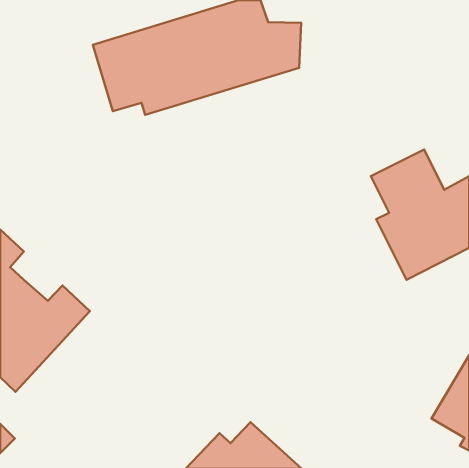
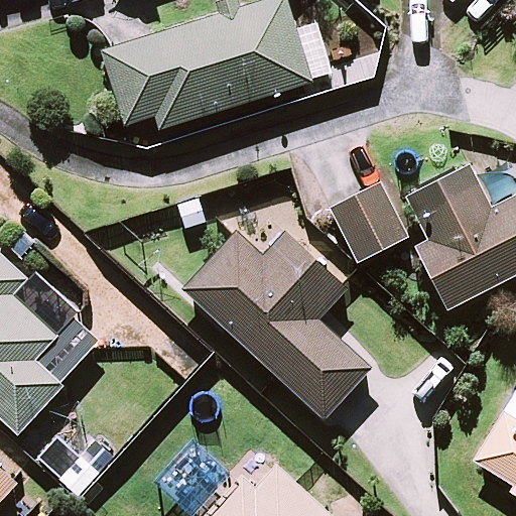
building: none -> [331,183,405,261]
building: none -> [184,232,370,419]
building: none -> [32,415,112,495]

